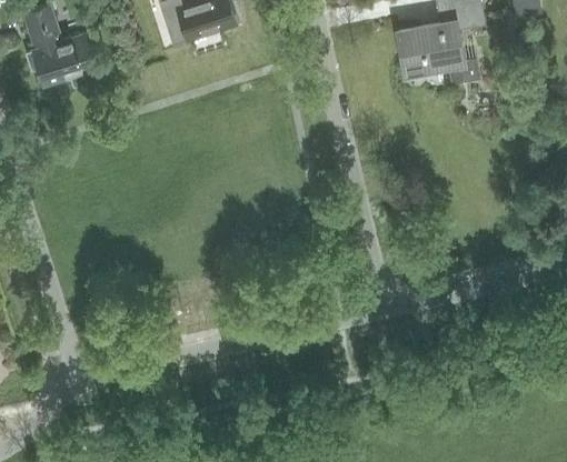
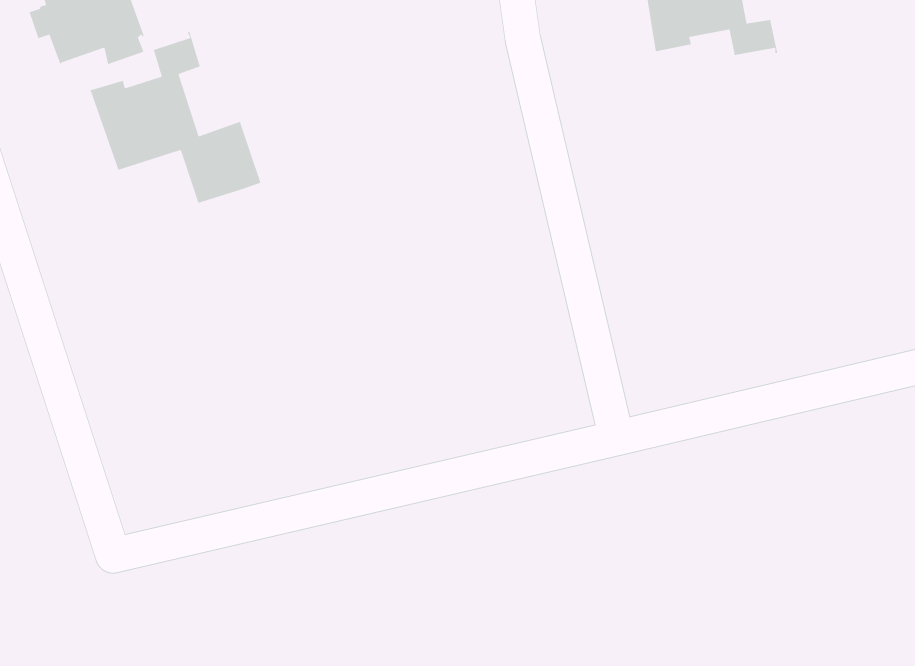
building: none -> [90,30,261,204]

